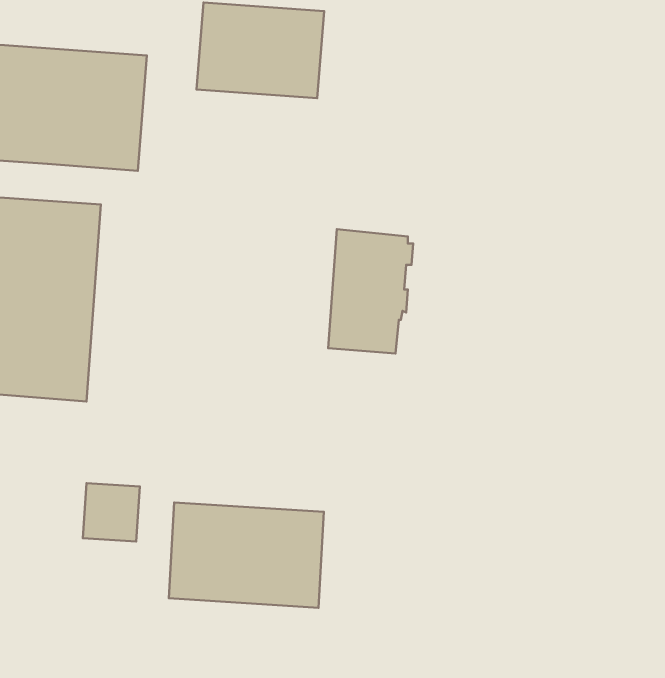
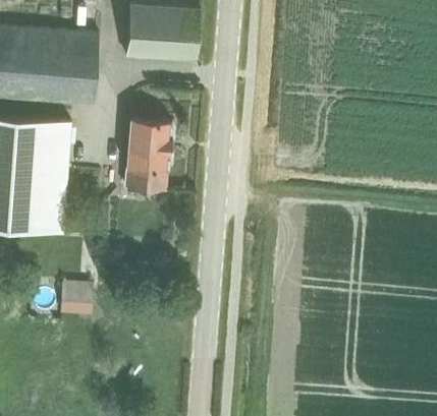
building: [328,229,413,353] -> [126,119,175,190]
building: [169,502,324,608] -> none

